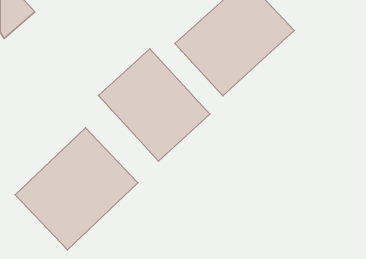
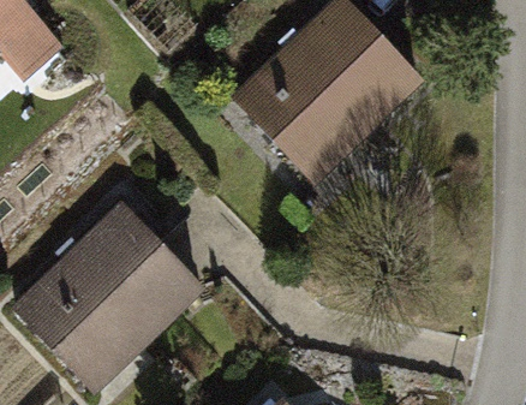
building: [99,49,210,161] -> none

